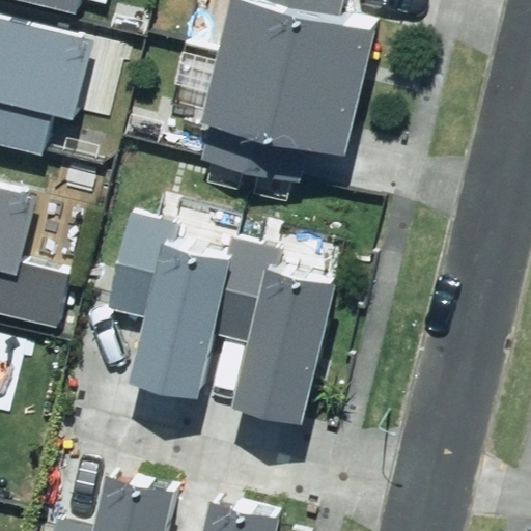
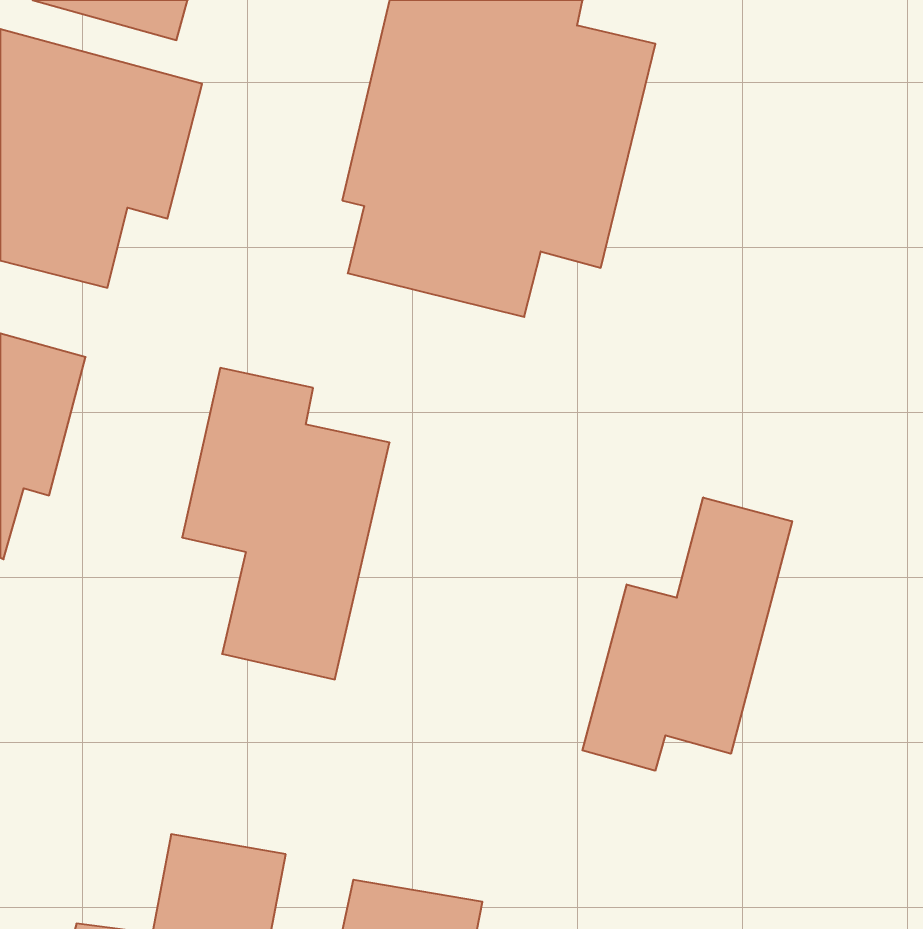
building: [217,237,334,424] -> none
building: none -> [582,497,792,771]

